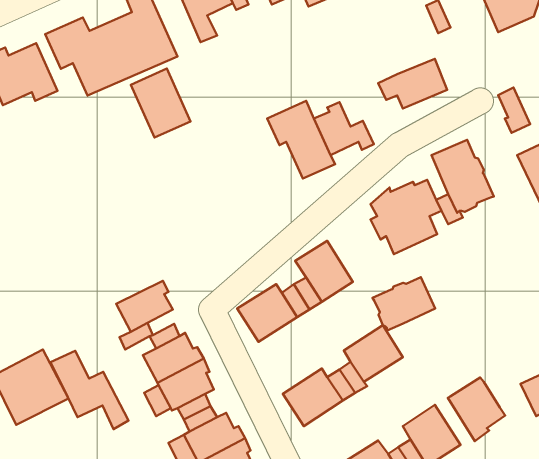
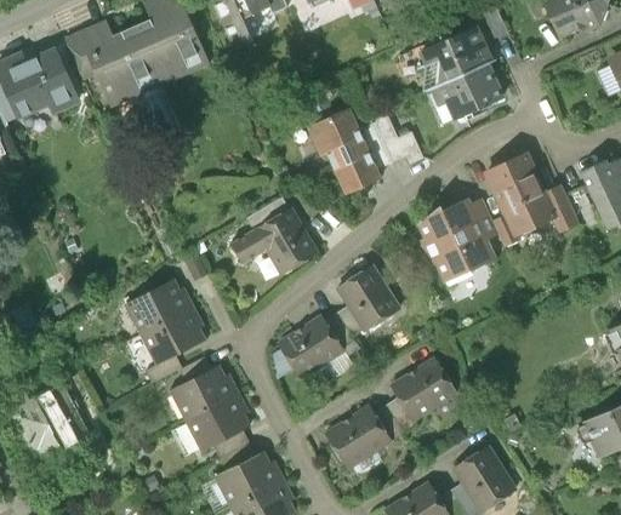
building: none -> [421,32,490,82]
building: [131,69,191,138] -> none
building: [498,87,530,133] -> [543,183,579,233]
building: none -> [233,208,318,274]
building: none -> [126,279,193,333]
building: [373,277,435,330] -> none
building: [50,351,128,429] -> none
building: [448,378,505,441] -> none

